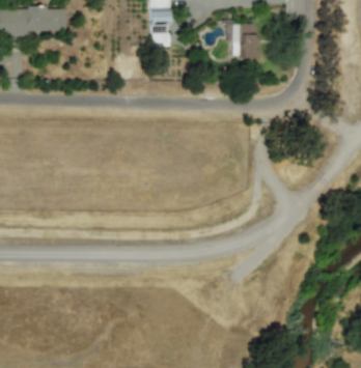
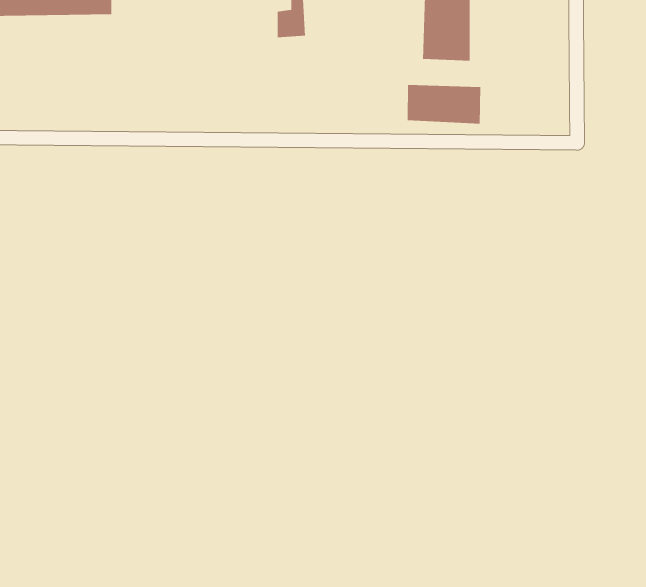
building: none -> [407,84,481,125]

